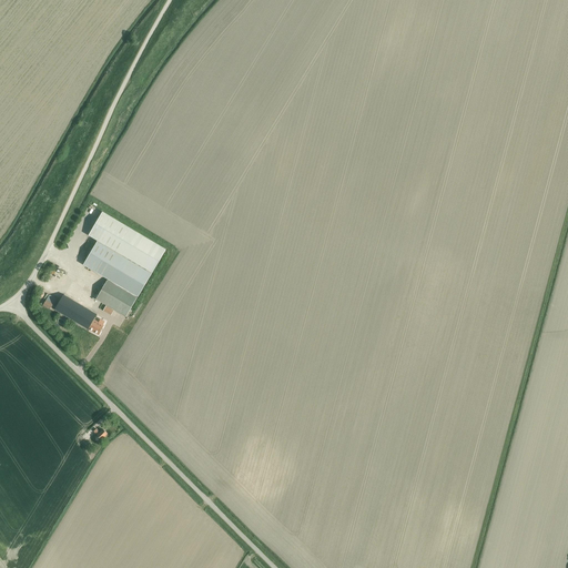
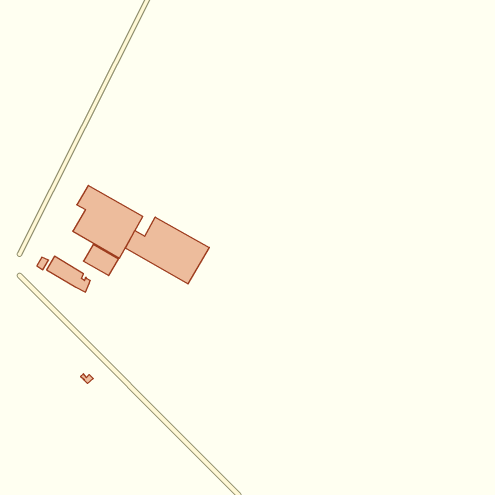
building: none -> [125,217,209,284]

